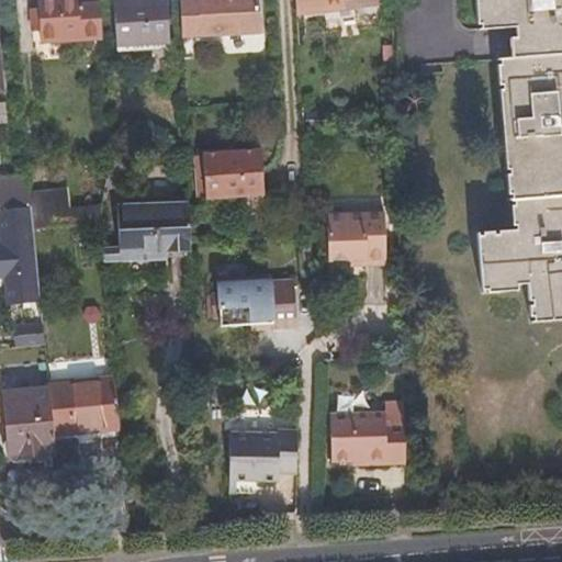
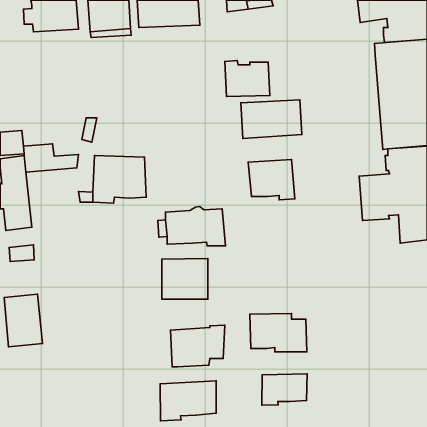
building: none -> [241,100,302,139]
building: [204,146,263,193] -> [225,61,270,96]
building: none -> [162,258,208,299]
building: [49,373,120,429] -> none
building: none -> [262,374,307,405]
building: none -> [160,381,216,421]

